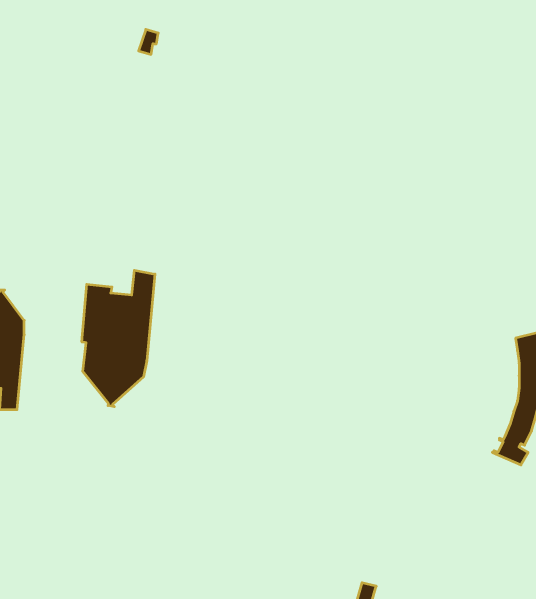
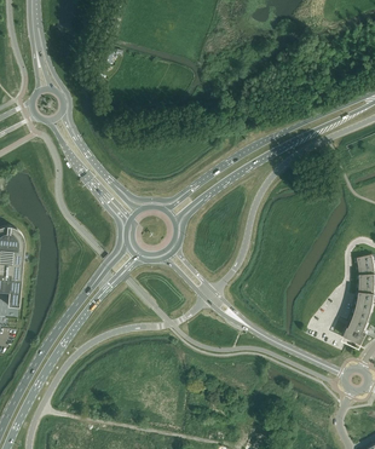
building: [82,270,155,407] -> none

